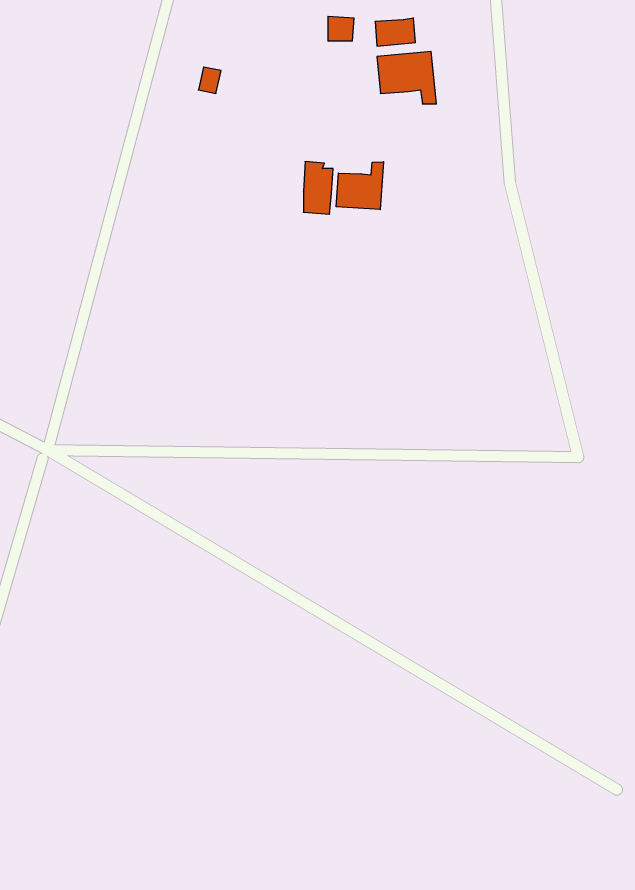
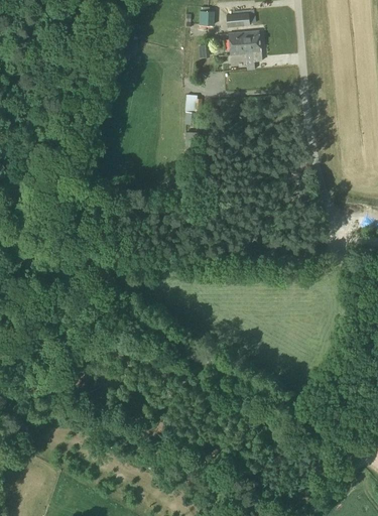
building: [336,162,384,210] -> none

